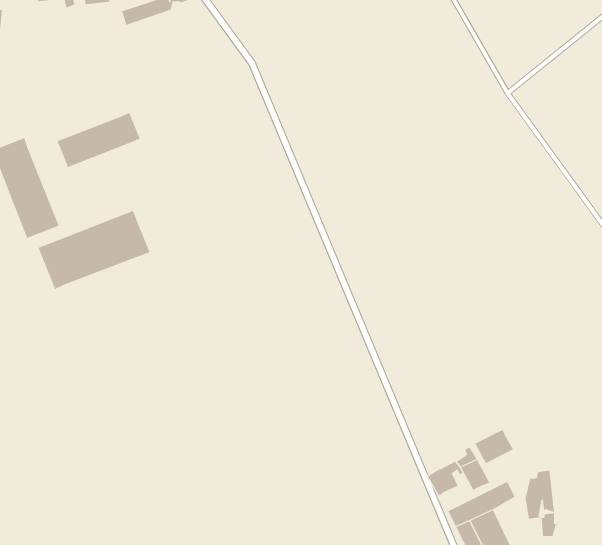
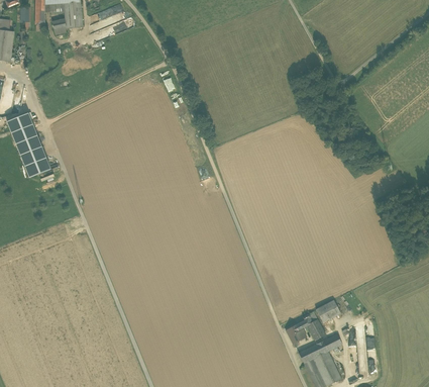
building: [57,112,140,168] -> none
building: [38,210,150,290] -> none

